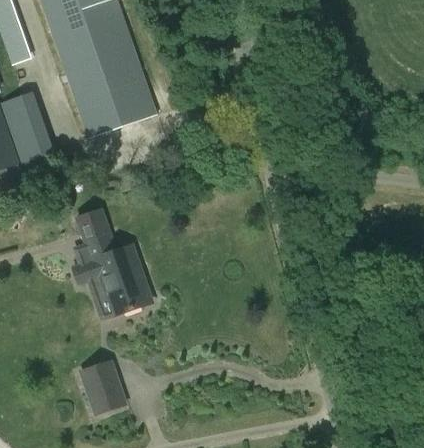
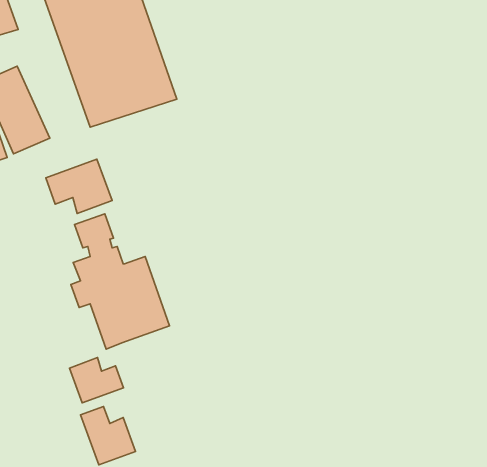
building: none -> [46,159,112,213]
building: none -> [70,358,123,403]

